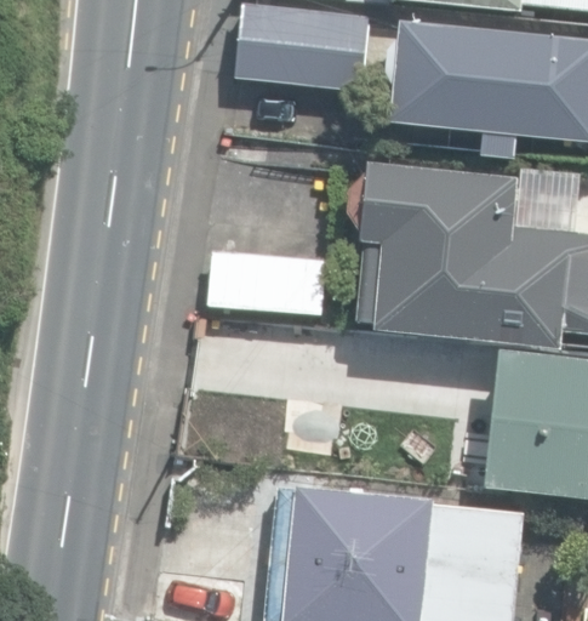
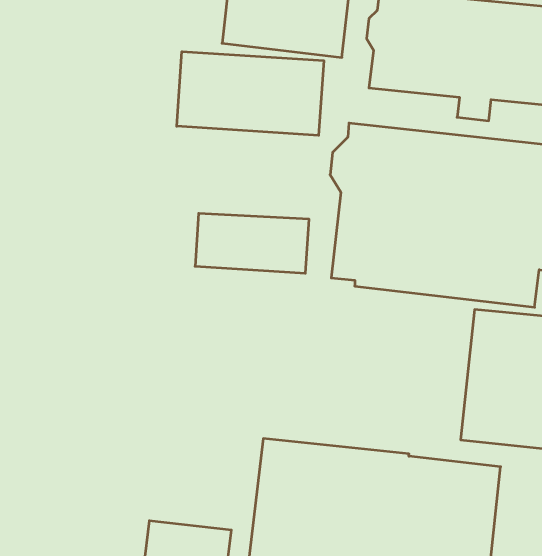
building: none -> [177,52,324,135]

